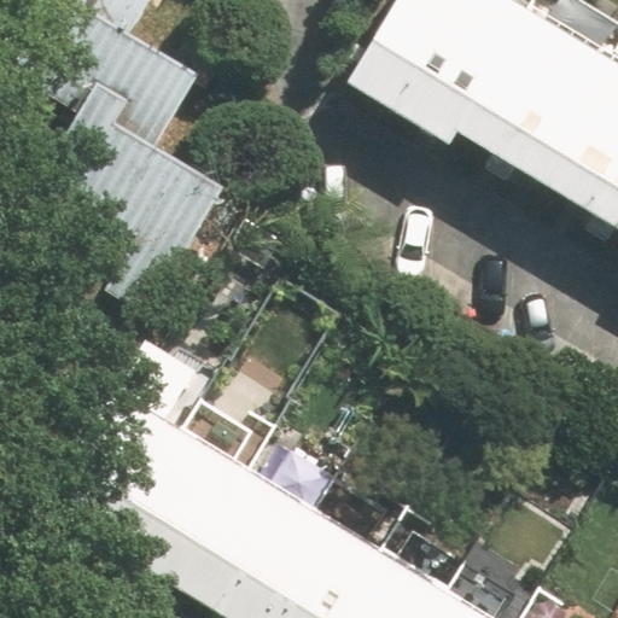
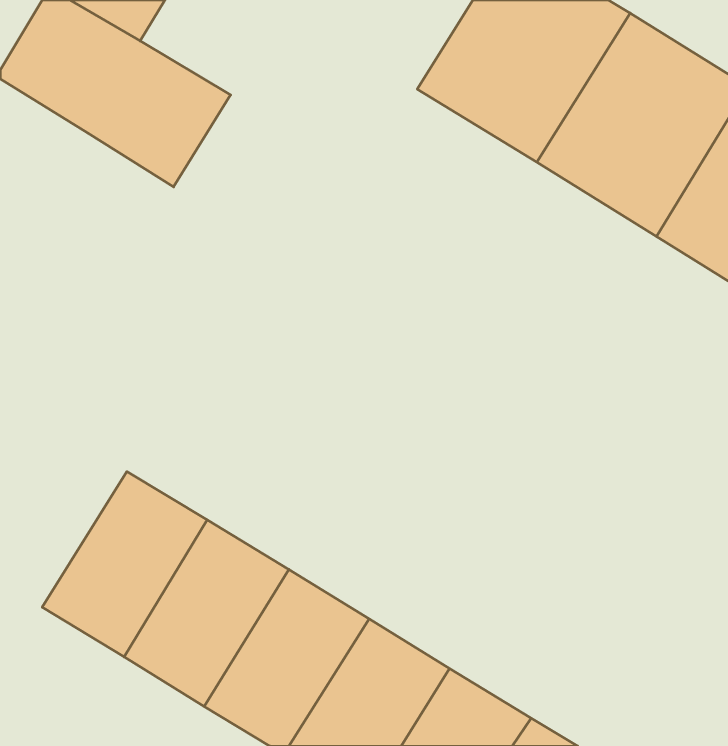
building: [41,110,234,276] -> none

